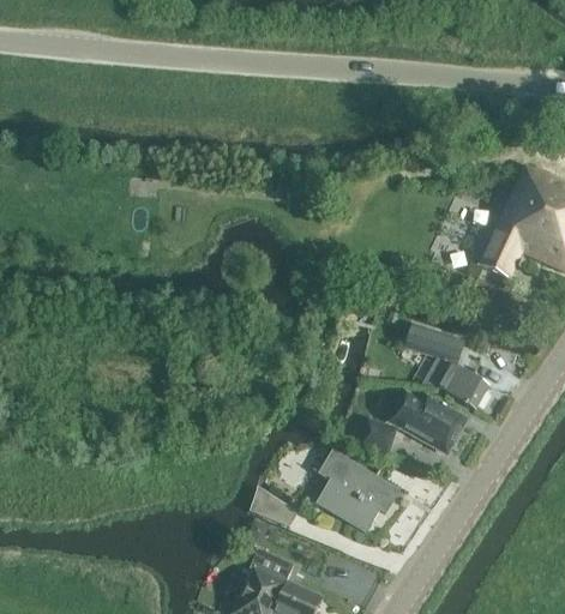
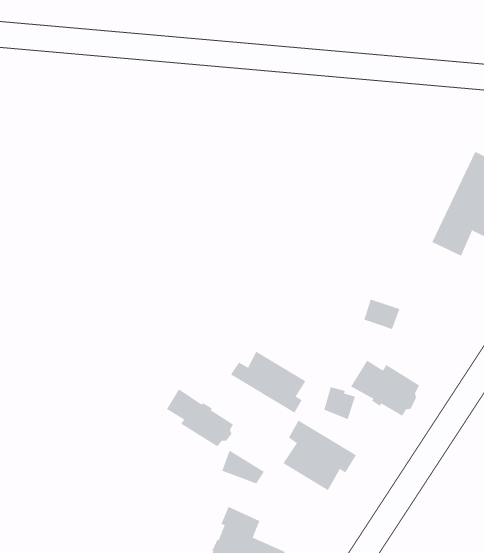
building: [437,362,489,408] -> none
building: none -> [230,351,306,414]
building: none -> [166,388,234,447]

